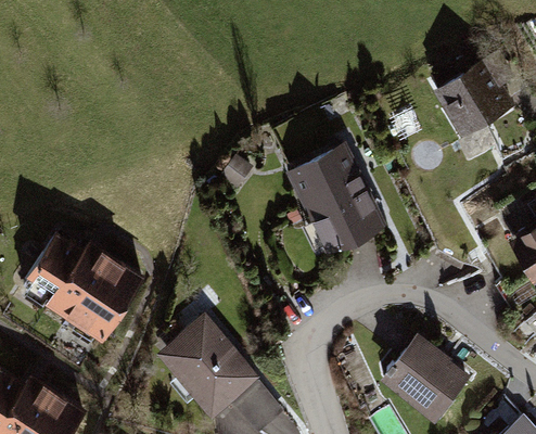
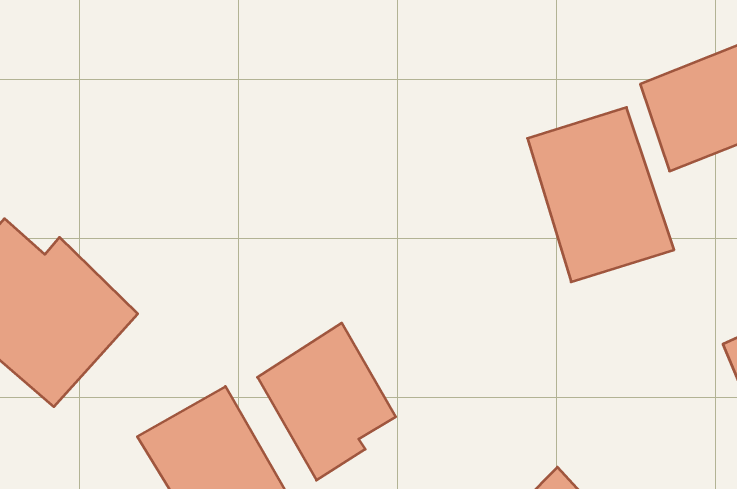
building: [286,143,387,256] -> [527,107,674,282]
building: none -> [257,323,396,480]

